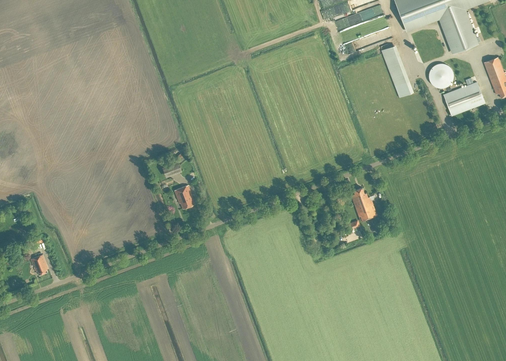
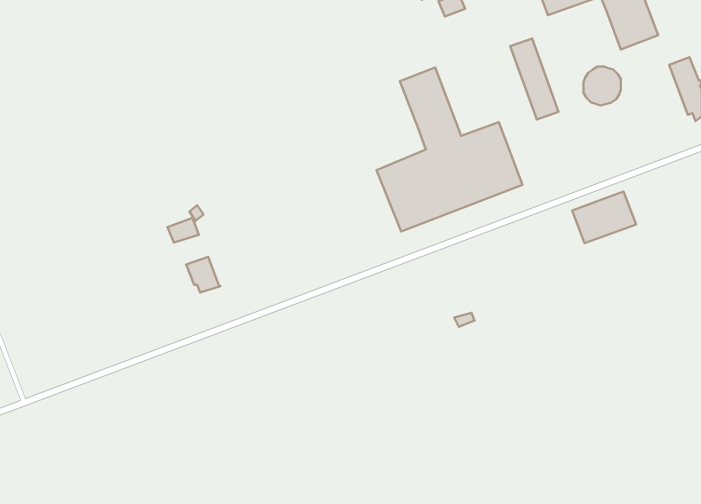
building: none -> [376,67,523,231]
building: [443,82,484,115] -> [572,192,636,243]
building: [350,187,376,221] -> none

